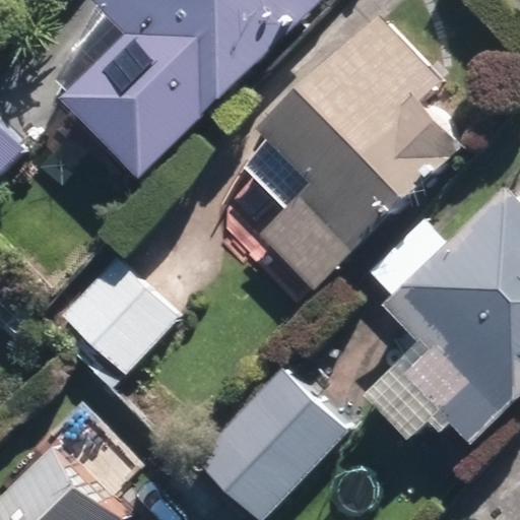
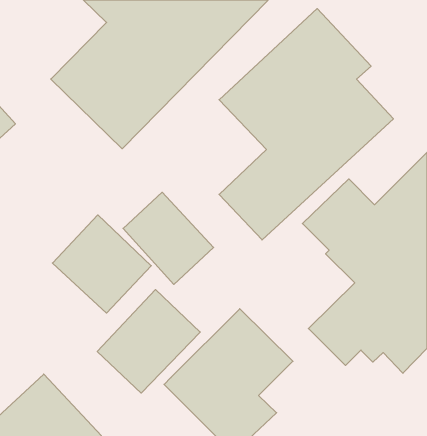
building: none -> [123,192,214,284]
building: none -> [97,290,200,393]

